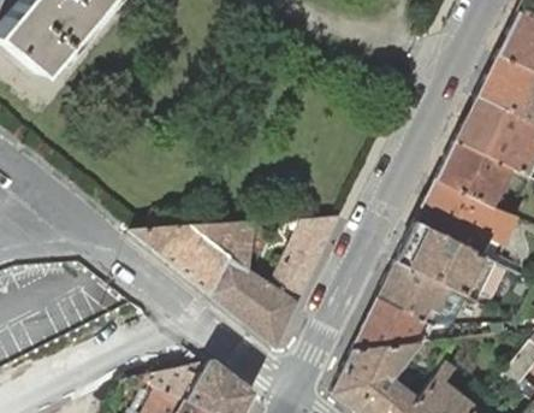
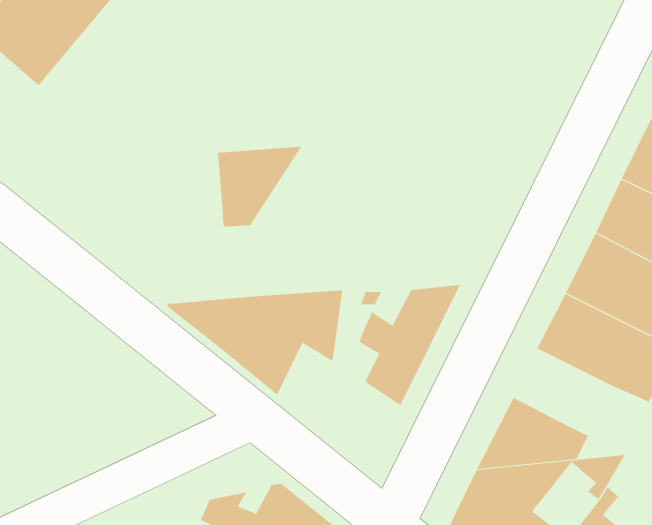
building: none -> [218,146,302,228]
building: [210,259,298,349] -> none
building: [379,262,468,325] -> none

